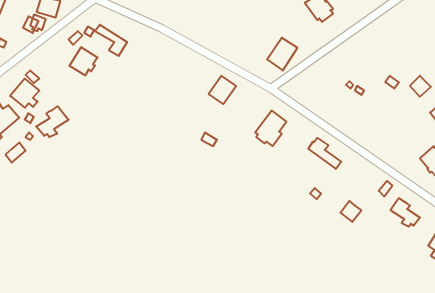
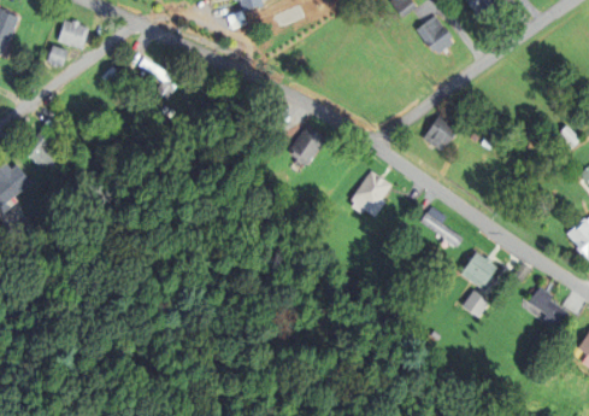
building: [267,38,297,71] -> [420,110,460,153]
building: [69,47,98,76] -> none
building: [36,106,69,137] -> none
building: none -> [459,252,495,292]

